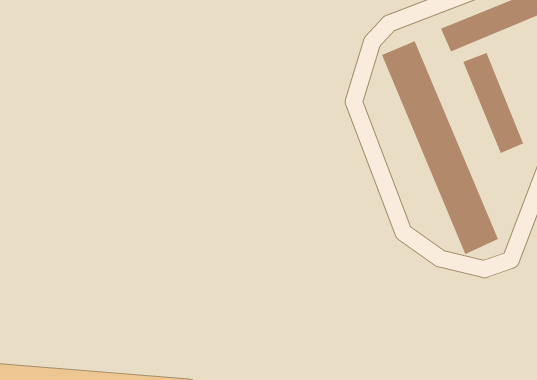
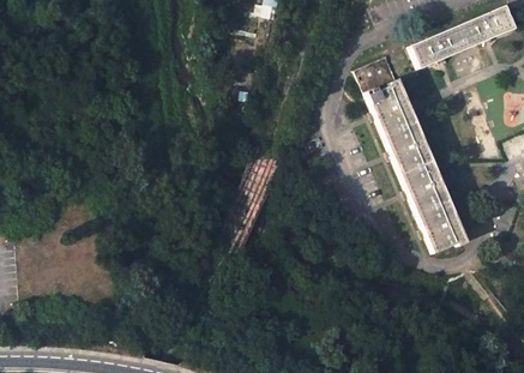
building: [463,52,524,154] -> none

